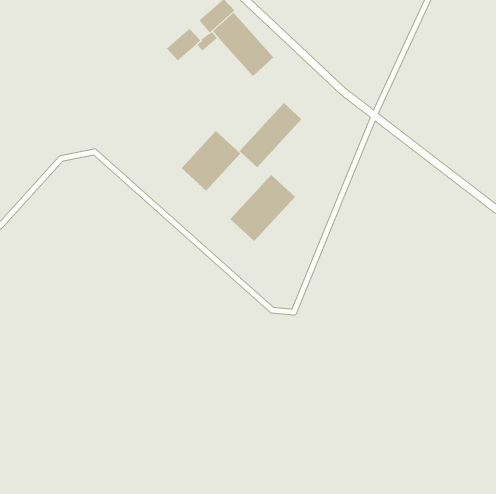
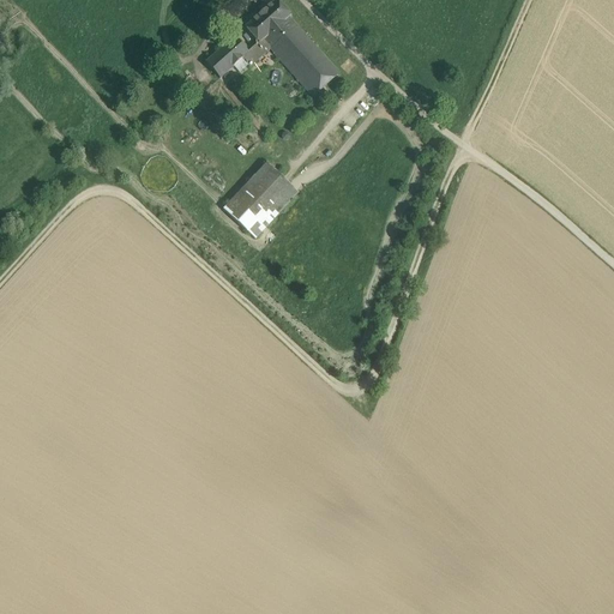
building: [239,102,302,168] -> none
building: [230,174,296,242] -> none

